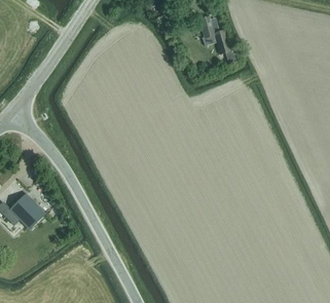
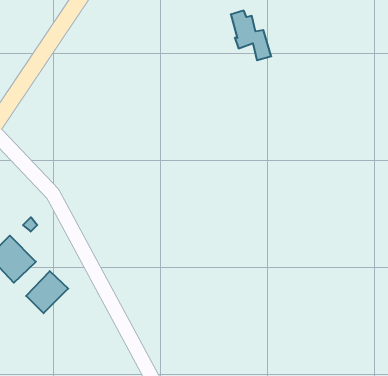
building: none -> [26,271,68,313]

